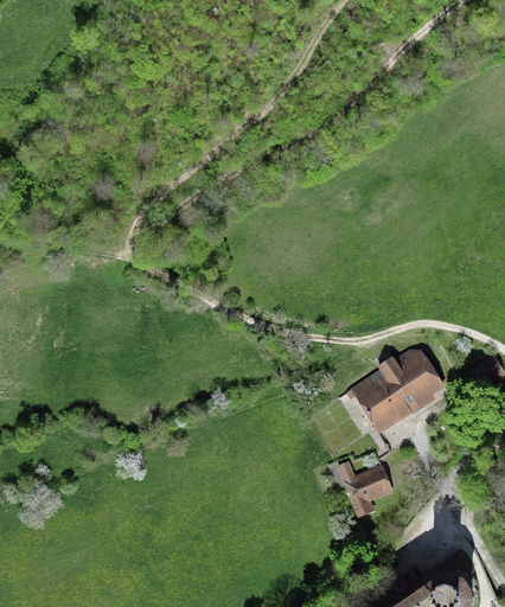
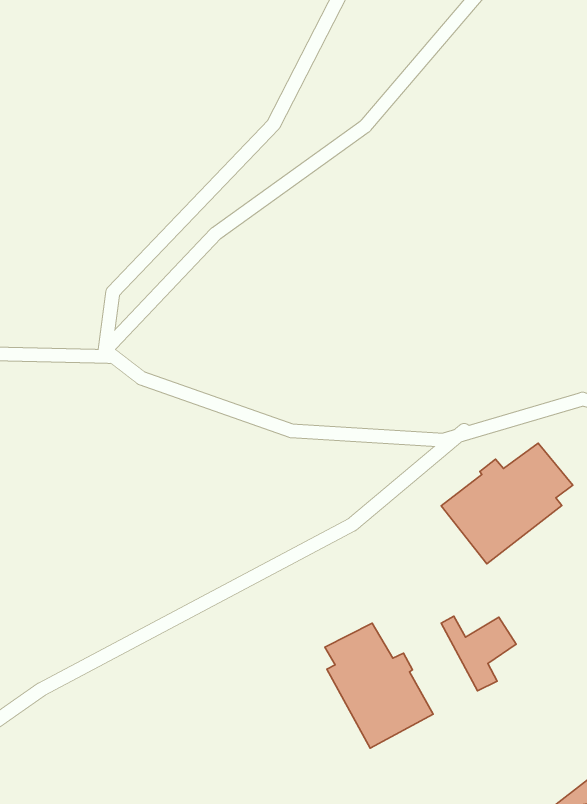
building: none -> [325,623,433,748]

